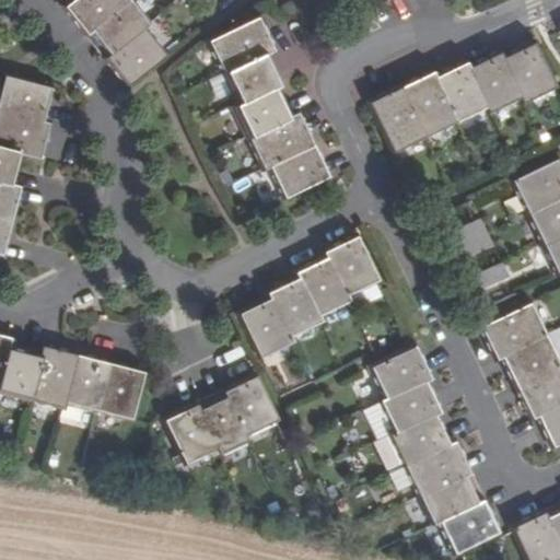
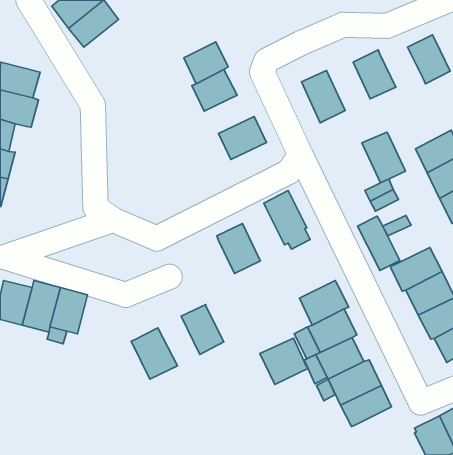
building: [212,18,276,71] -> none
building: [106,27,166,85] -> none
building: [469,52,523,113] -> none
building: [404,73,457,136] -> [362,132,406,183]
building: [254,114,315,166] -> none
building: [299,255,352,316] -> none
building: none -> [357,216,400,270]
building: [241,295,294,355] -> none
building: [98,362,143,419] -> none
building: [197,388,250,454] -> none
building: none -> [260,338,308,384]
building: [438,500,498,551] -> none

